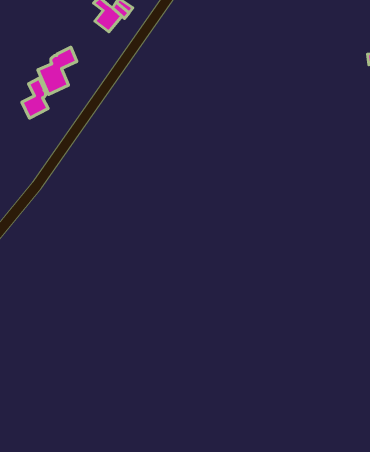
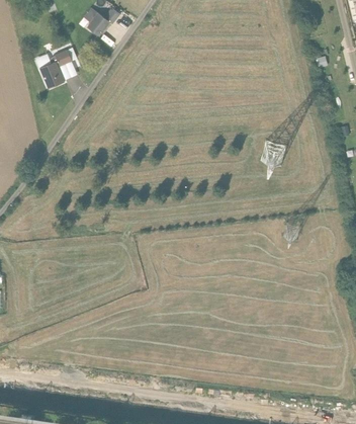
building: [22,78,48,118] -> none

